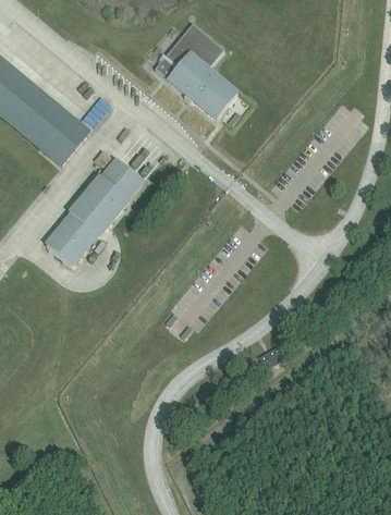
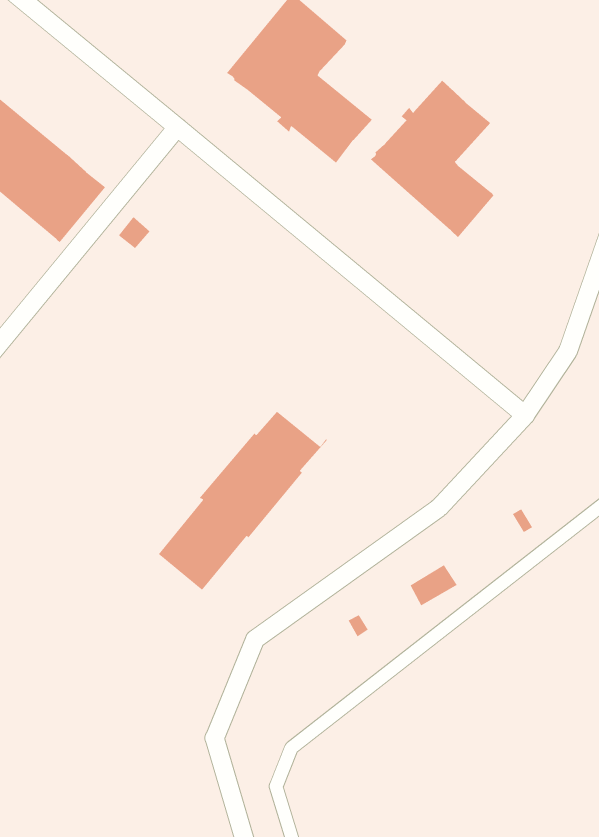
building: none -> [370,80,494,238]
building: [47,159,143,265] -> [158,403,328,591]

